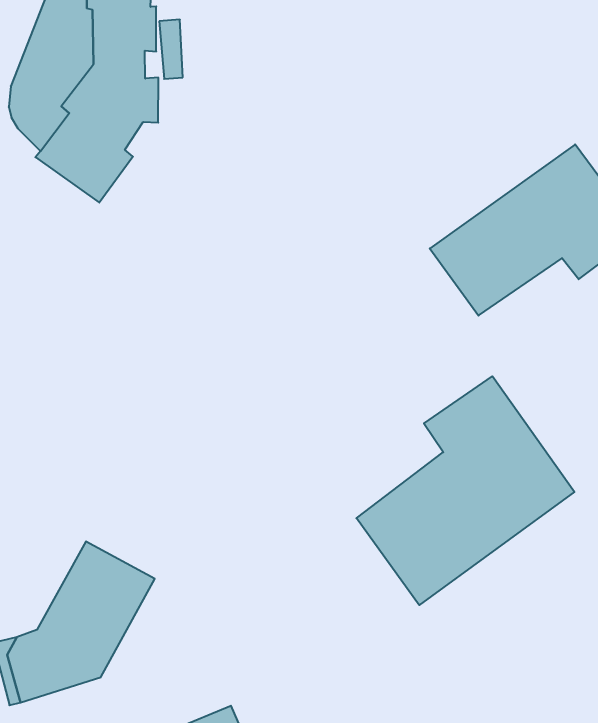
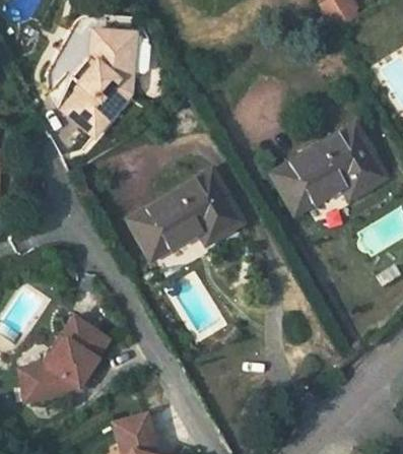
building: none -> [126,168,242,258]
building: [356,376,574,605] -> none

